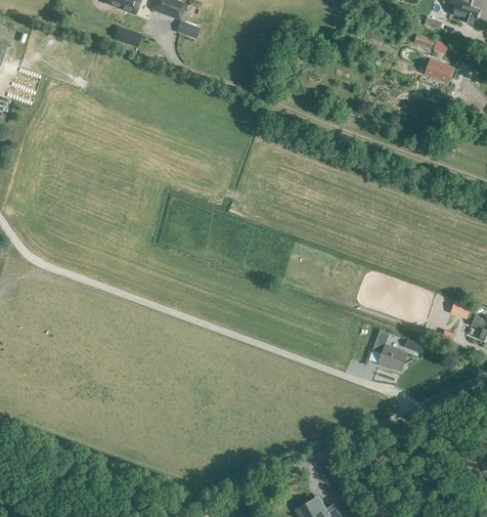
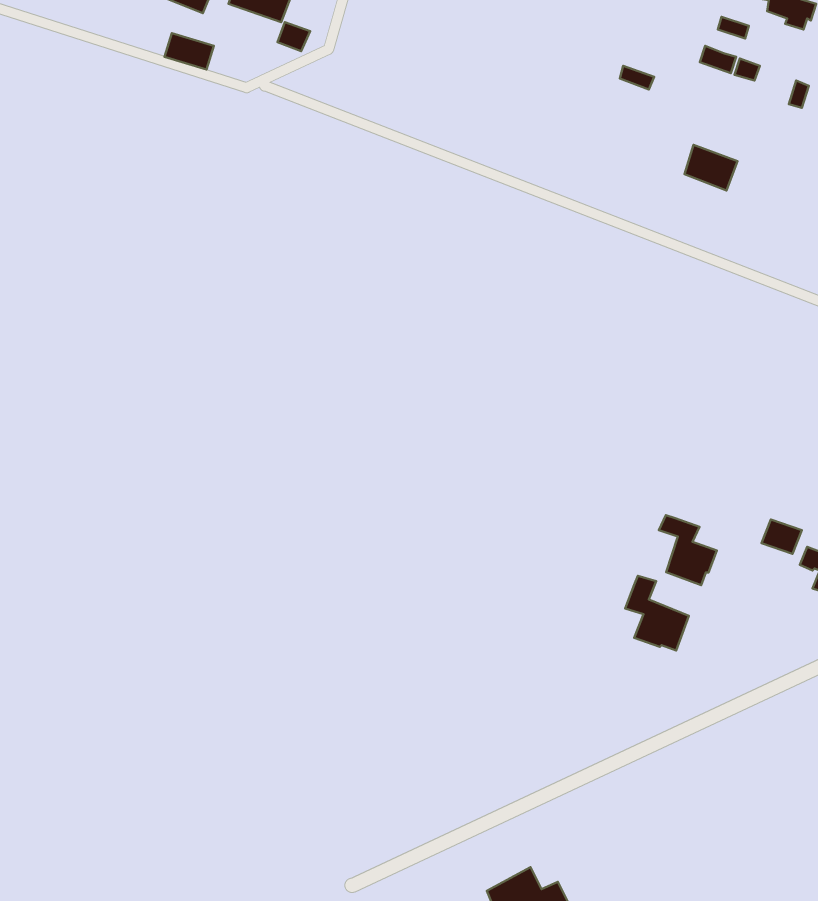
building: [425,57,454,83] -> [685,145,737,190]
building: none -> [659,515,717,585]

